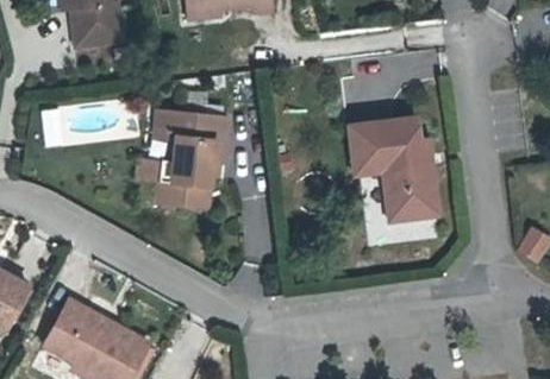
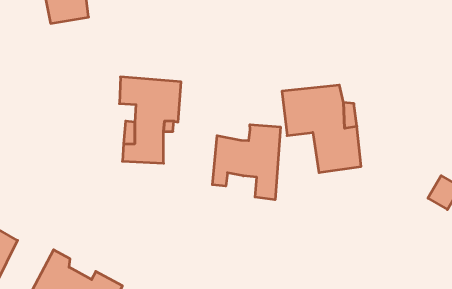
building: none -> [212,125,280,200]

